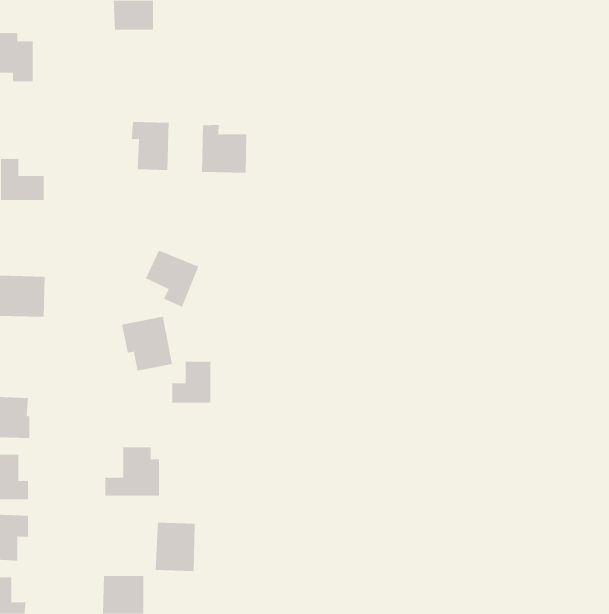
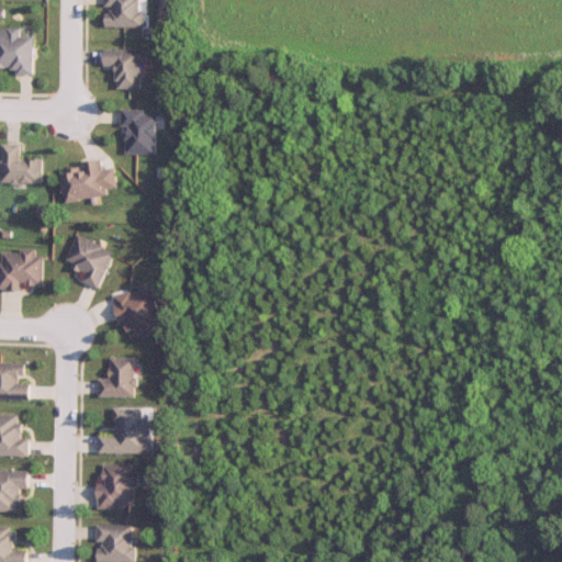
building: none -> [102,49,140,89]
building: [201,124,247,173] -> none
building: none -> [58,162,105,202]
building: [145,250,199,307] -> [64,236,113,289]
building: [172,361,211,403] -> [95,359,132,397]
building: [155,522,196,571] -> [97,464,134,509]

